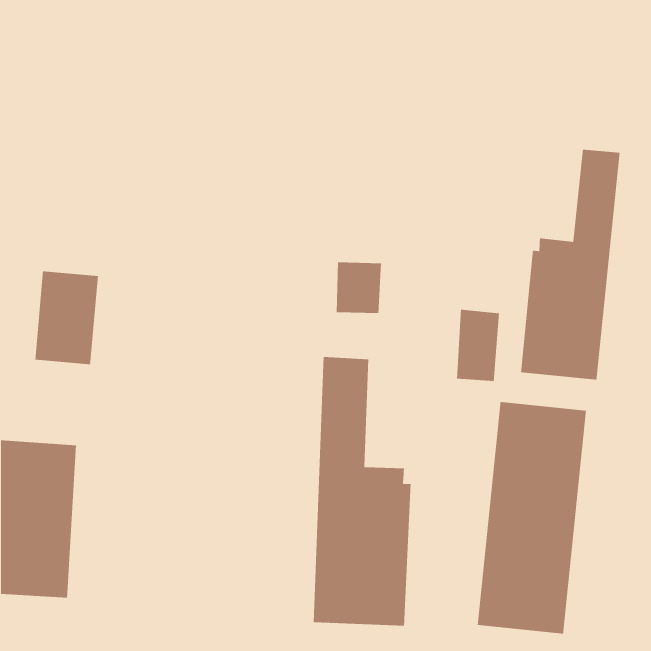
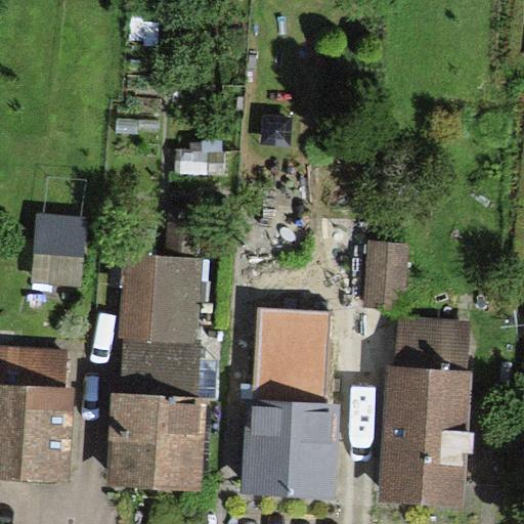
building: [520,149,621,380] -> none
building: none -> [114,216,202,488]

